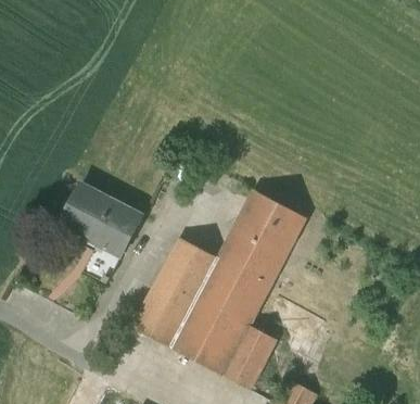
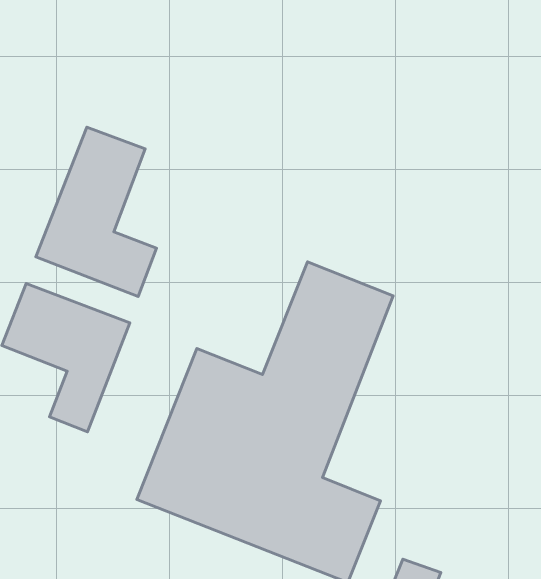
building: none -> [36,127,157,296]

